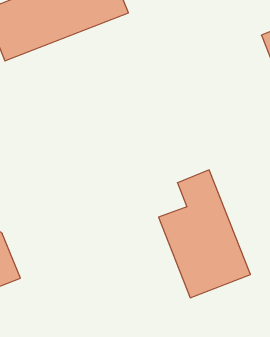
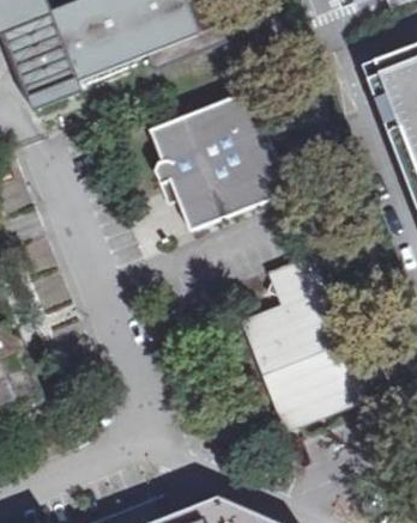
building: none -> [149,91,290,232]

